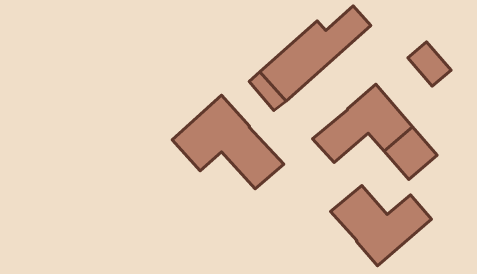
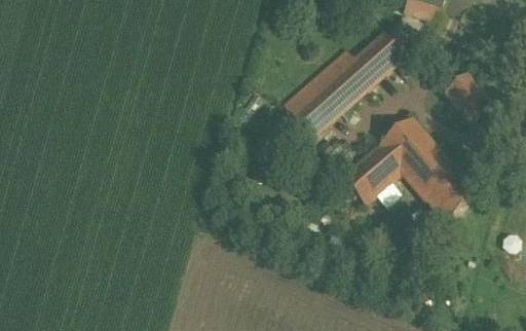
building: [172,95,284,189] -> none
building: [331,186,432,266] -> none

